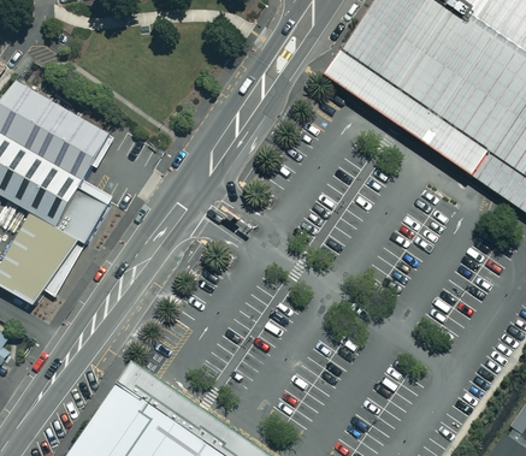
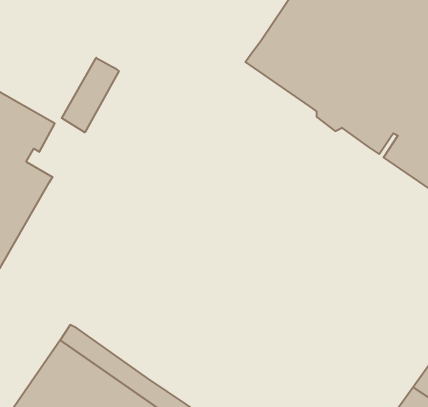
building: none -> [62,58,119,132]

